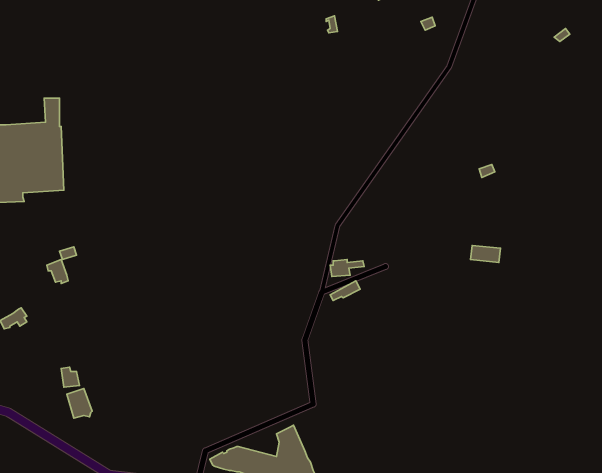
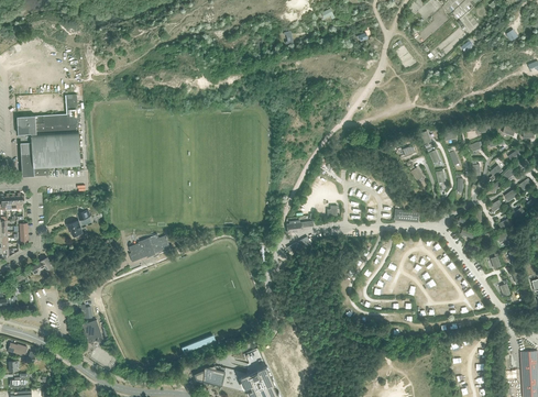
building: none -> [129,234,169,262]

